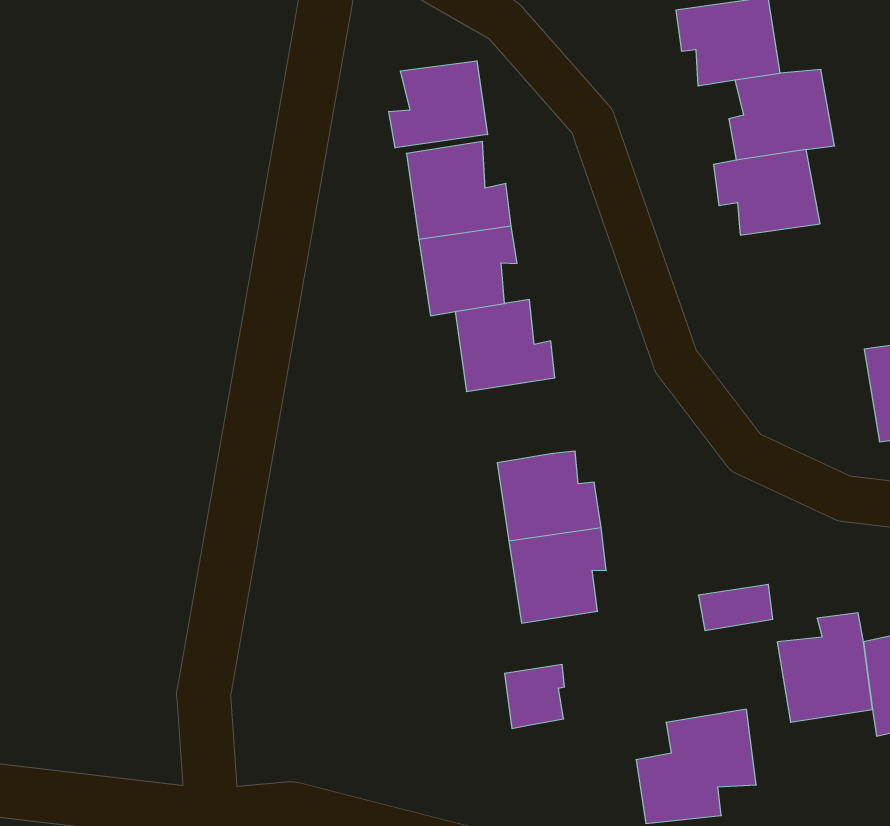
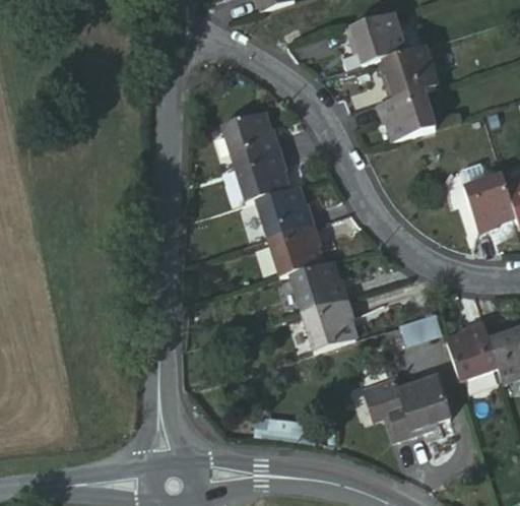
building: [389,61,488,148] -> none
building: none -> [269,225,318,276]
building: [505,665,565,729] -> [369,378,402,415]

